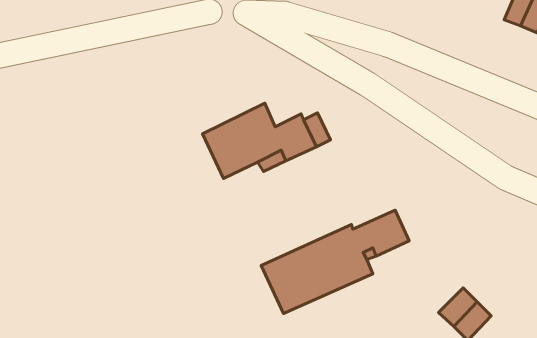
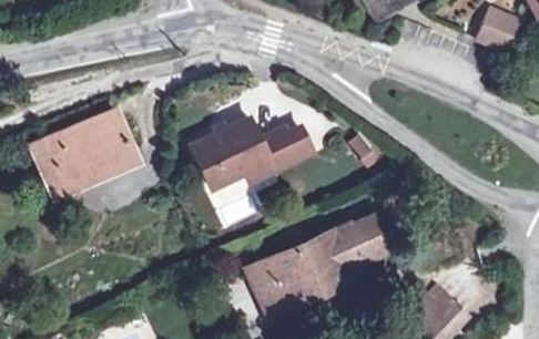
building: none -> [31,111,132,192]

